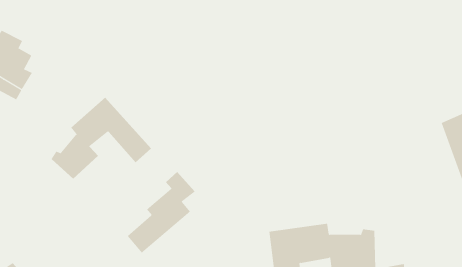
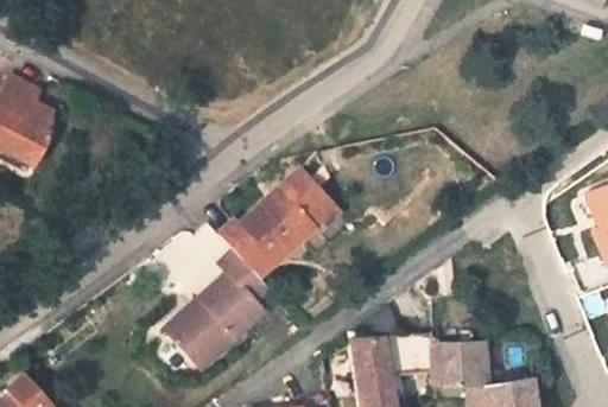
building: [51,97,152,179] -> none
building: none -> [220,177,349,281]

